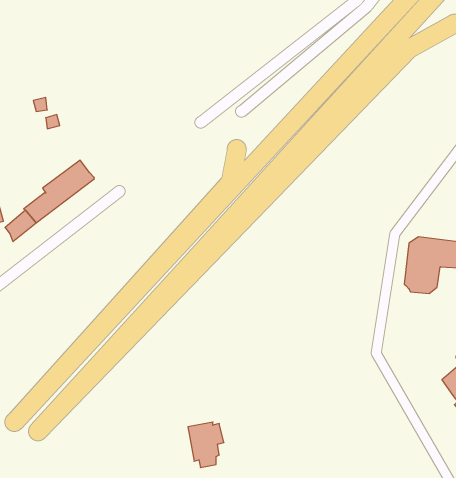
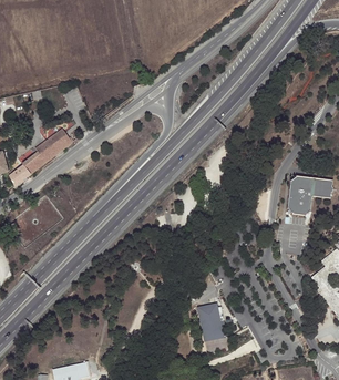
building: [188,422,224,468] -> [198,307,224,339]

